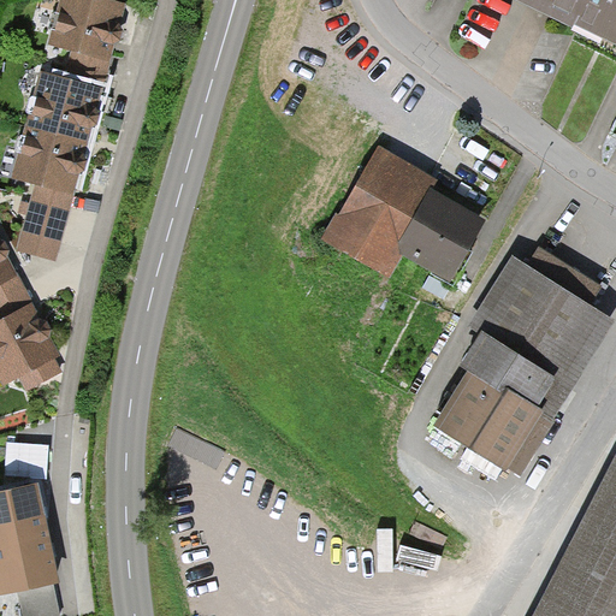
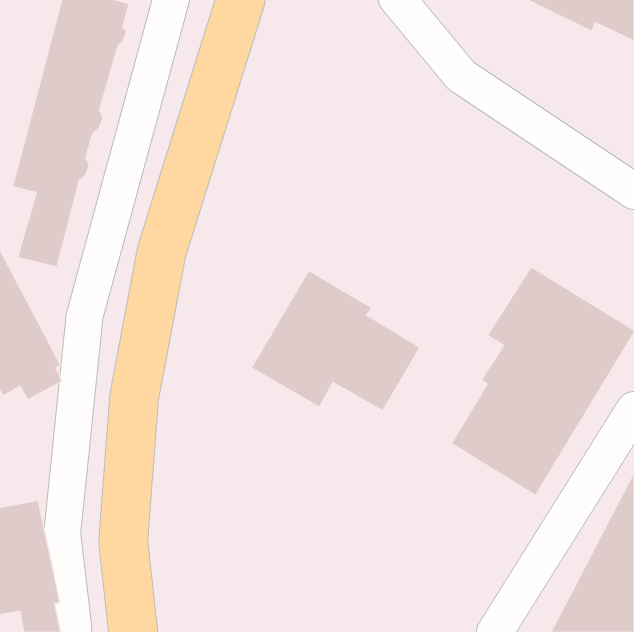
building: [322,144,486,280] -> [251,271,420,411]
building: [5,442,47,476] -> none

